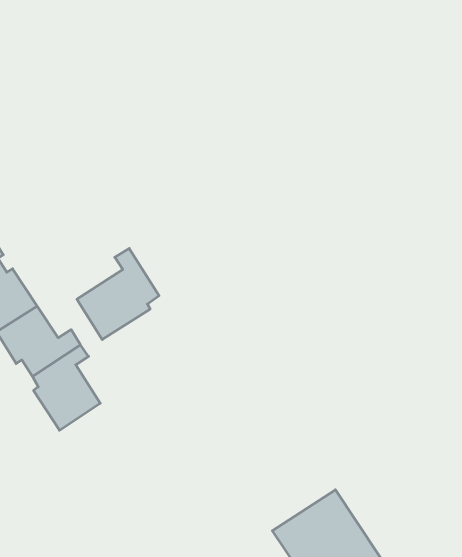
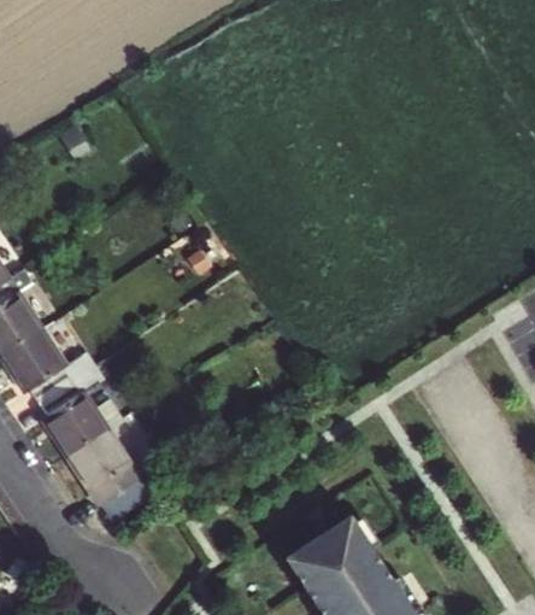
building: [77,248,159,340] -> none
building: none -> [66,428,151,519]

